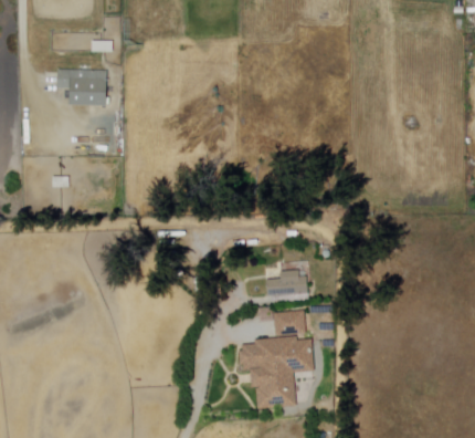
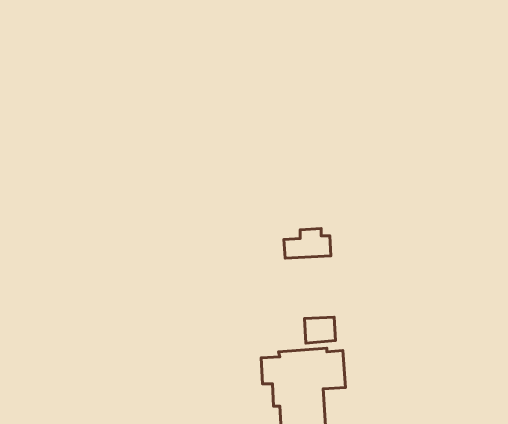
building: [56,69,107,106] -> none
building: [265,270,307,296] -> [284,229,331,258]

